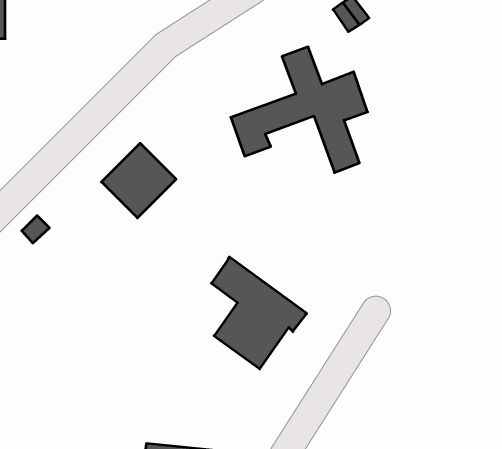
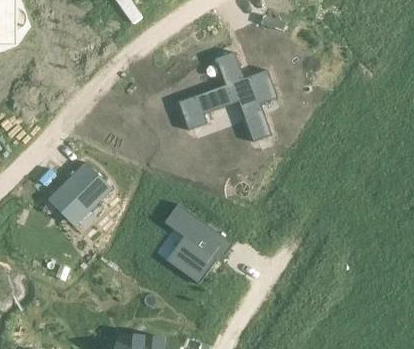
building: [101,143,176,218] -> [56,163,110,217]

